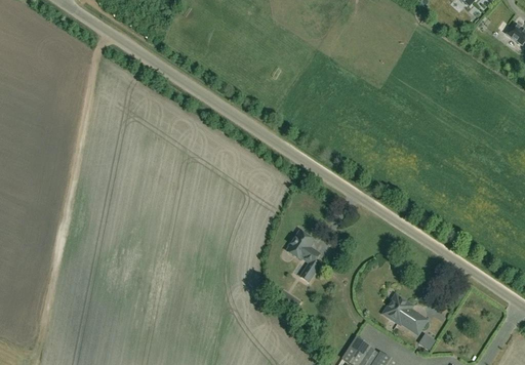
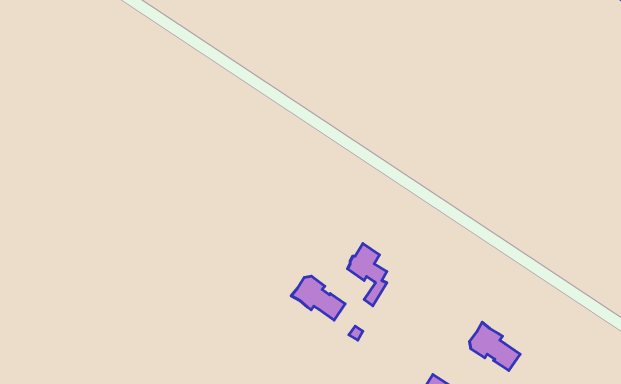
building: none -> [291,276,345,320]

